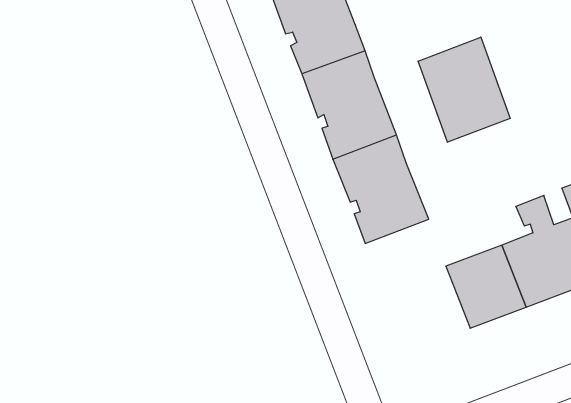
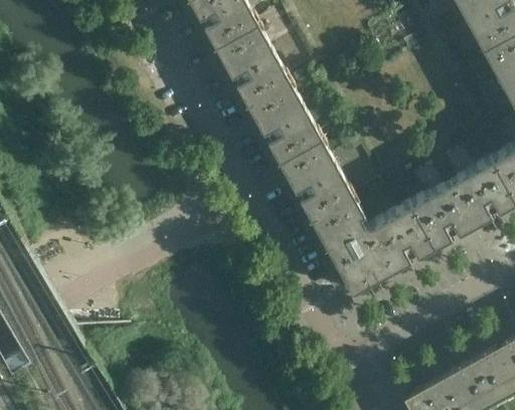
building: [418,37,510,142] -> none
building: none -> [308,195,392,293]

